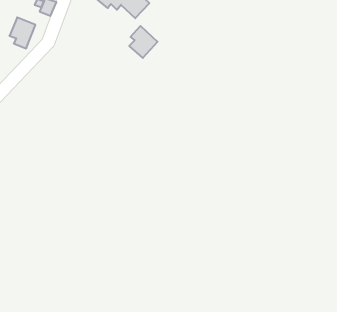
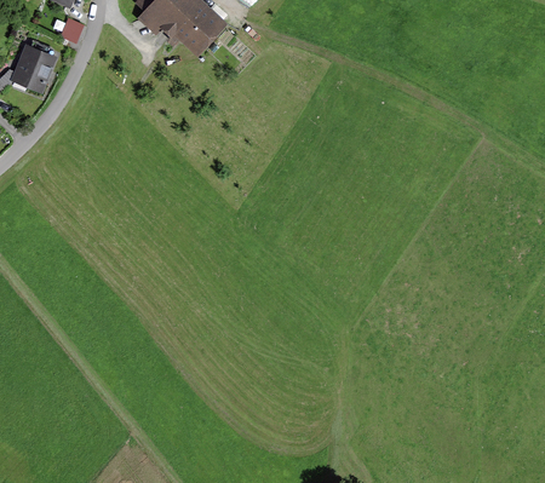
building: [129,26,158,58] -> none

